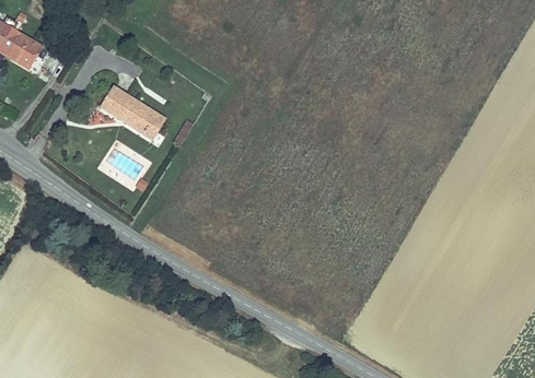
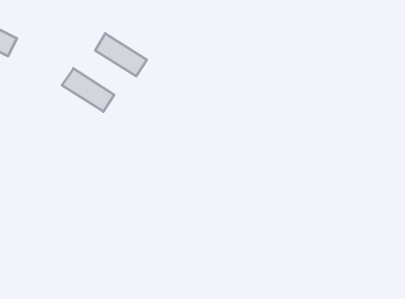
building: none -> [95,33,147,76]

